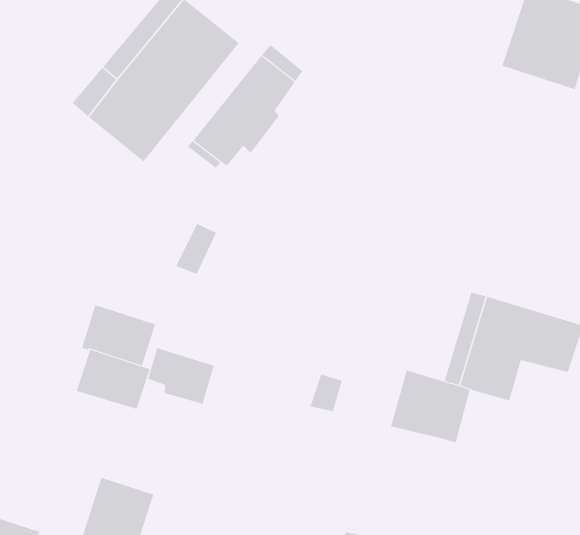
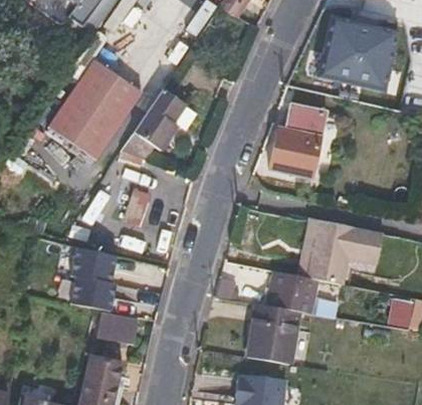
building: none -> [269,103,325,176]
building: [147,348,215,405] -> [96,312,138,345]
building: none -> [247,305,300,365]

